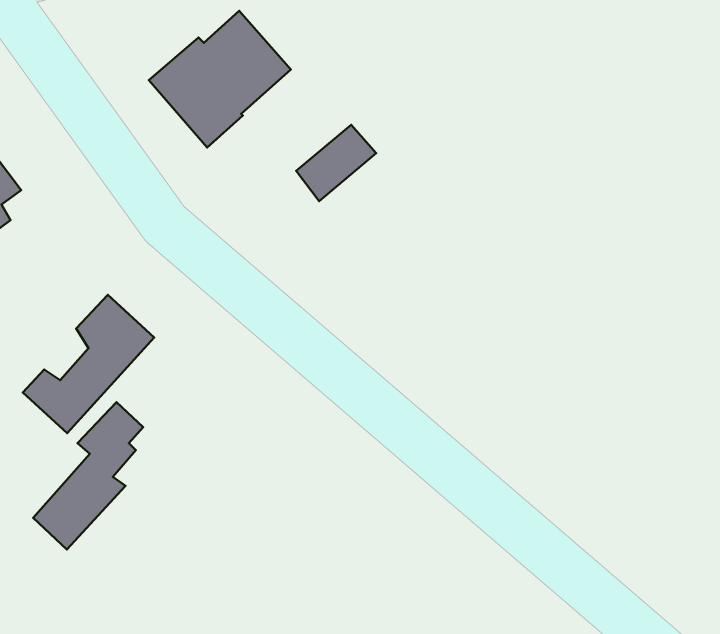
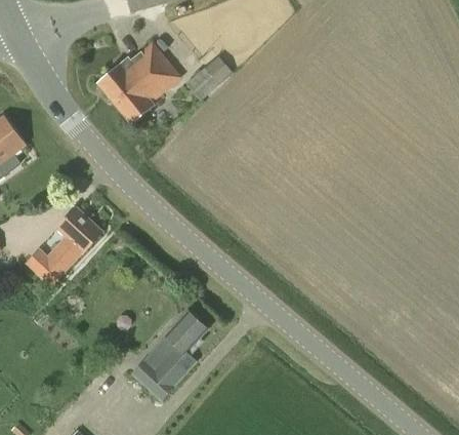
building: [296,125,376,201] -> [185,56,232,101]
building: [33,402,143,550] -> [141,313,205,398]

